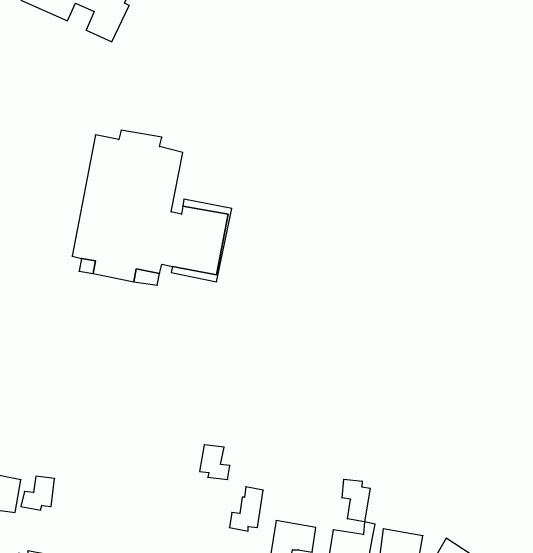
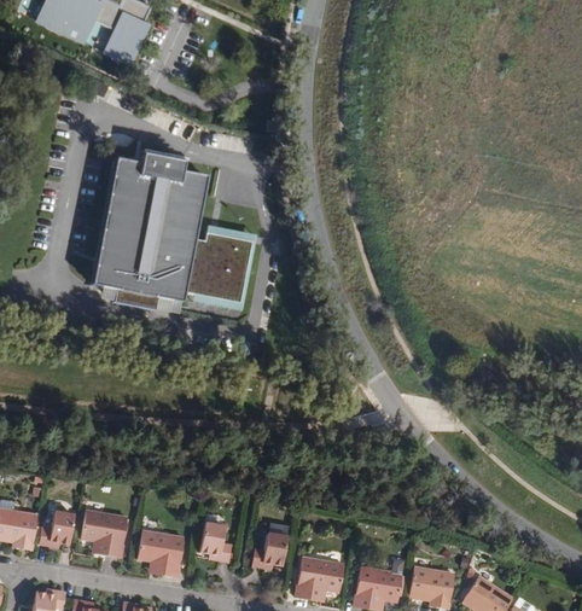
building: [200,445,230,480] -> [200,524,232,560]
building: none -> [82,512,127,558]
building: [342,479,370,522] -> none
building: none -> [139,531,185,576]

